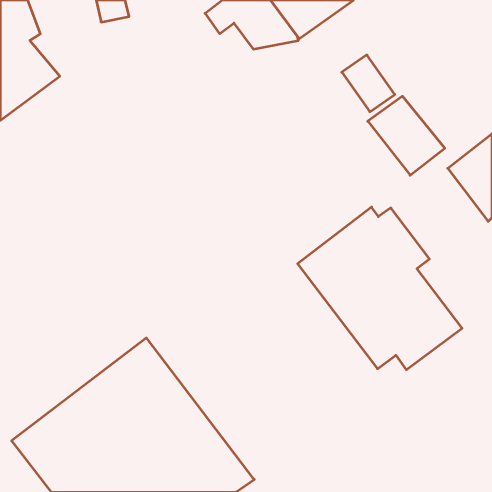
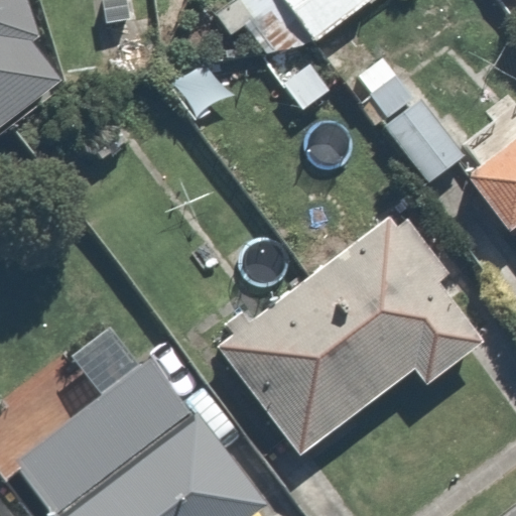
building: none -> [216,276,395,457]

